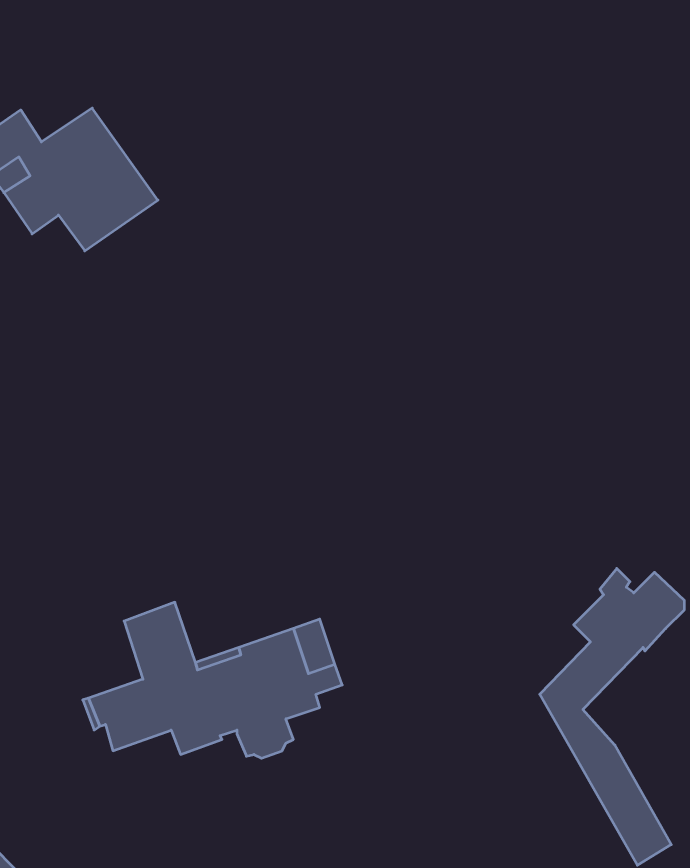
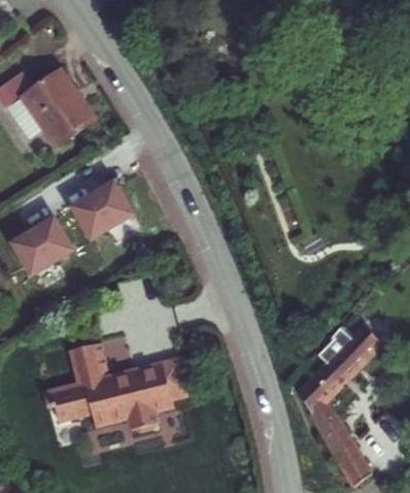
building: none -> [69,182,131,239]
building: none -> [11,219,73,276]

